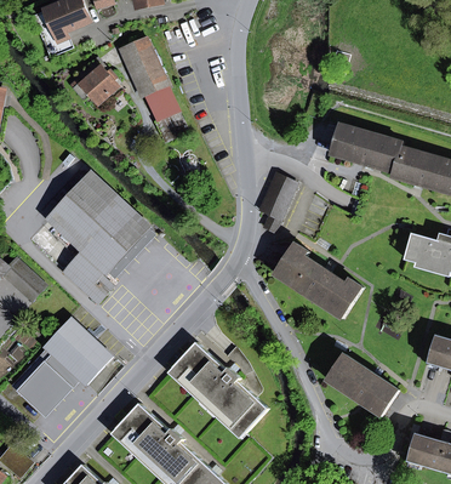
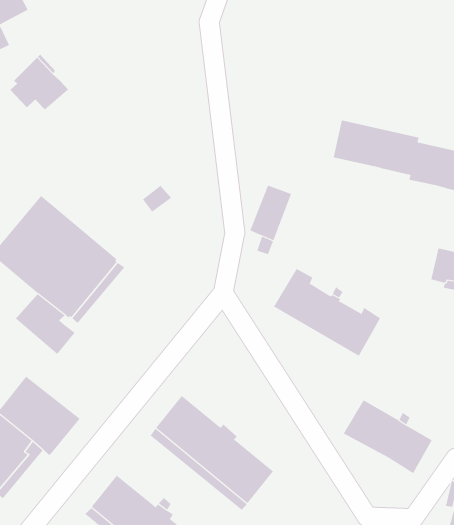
building: [125,38,185,141] -> none

